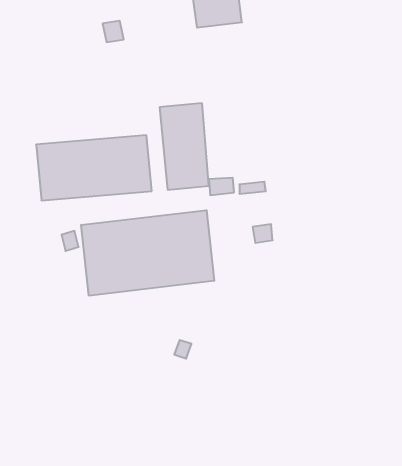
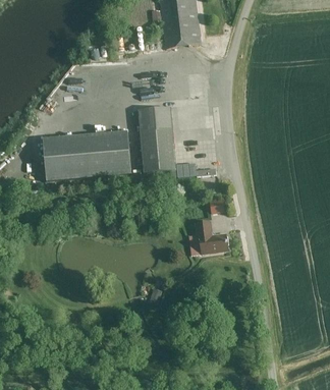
building: [81,210,214,296] -> none
building: none -> [195,220,227,253]

